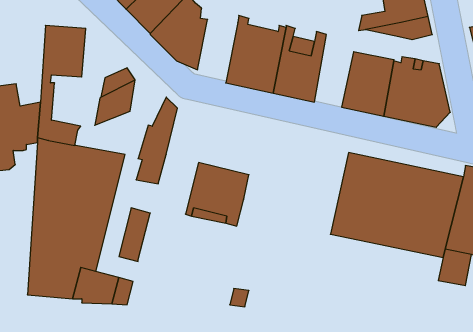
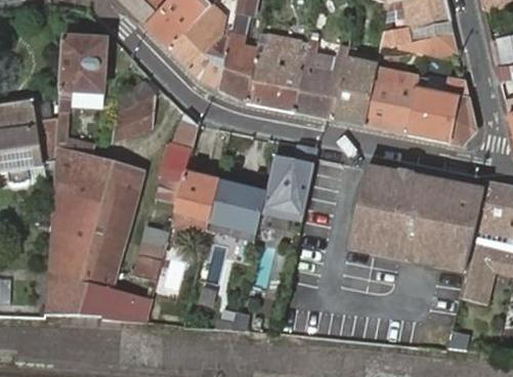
building: none -> [217,25,258,98]
building: none -> [336,46,377,123]
building: none -> [264,144,320,225]
building: none -> [157,171,218,280]

